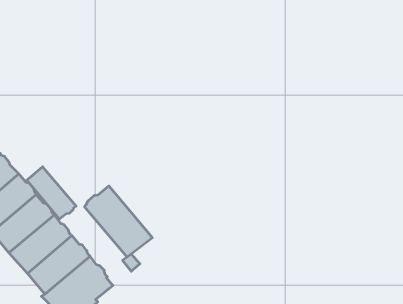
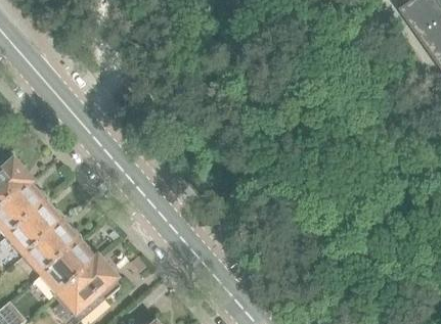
building: [27,167,76,219] -> none
building: [85,186,152,257] -> none

